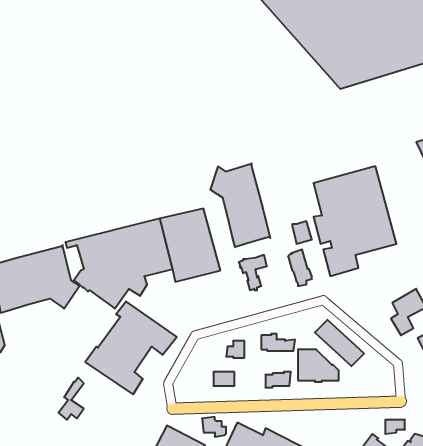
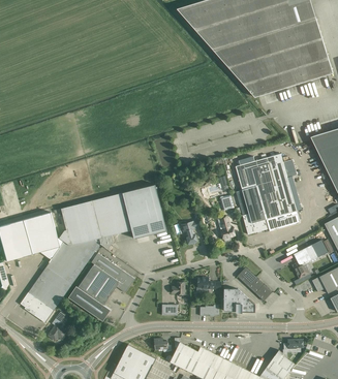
building: [210,163,270,247] -> none
building: none -> [21,241,90,322]

